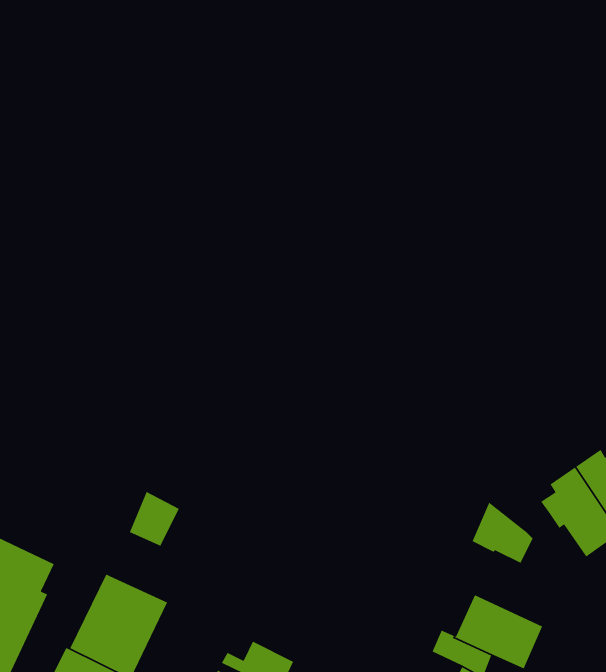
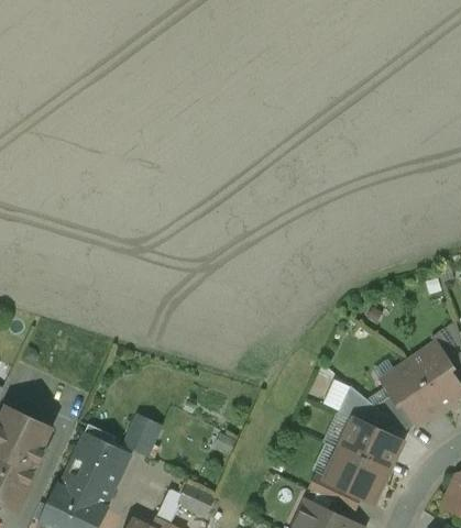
building: [129,491,180,547] -> [125,415,161,453]
building: none -> [375,394,416,430]
building: none -> [340,419,400,471]

